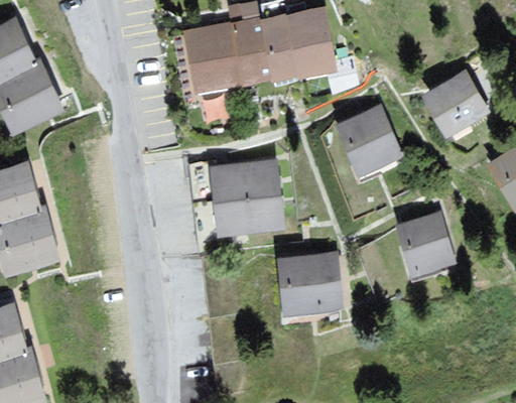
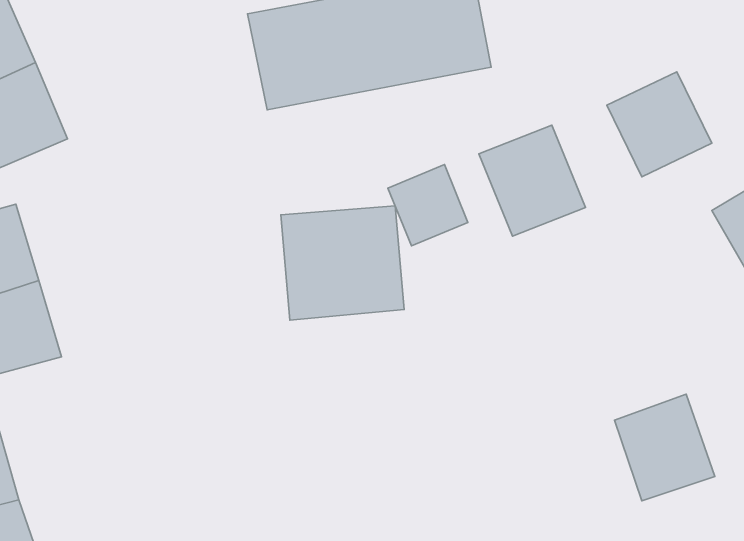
building: none -> [388,164,468,246]
building: [391,210,458,280] -> [614,394,715,501]
building: [278,256,340,311] -> none

